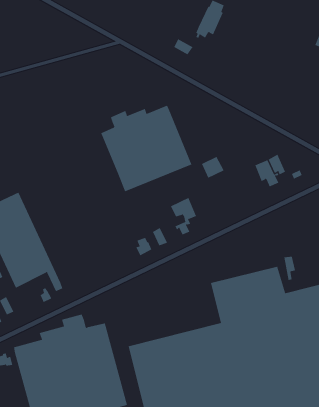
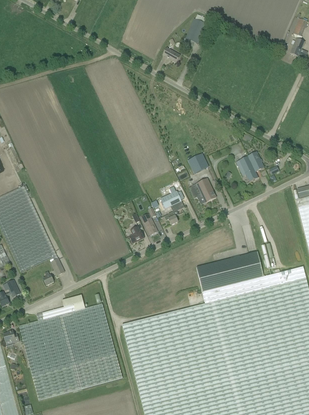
building: [100,105,192,192] -> none
building: none -> [189,177,216,201]

